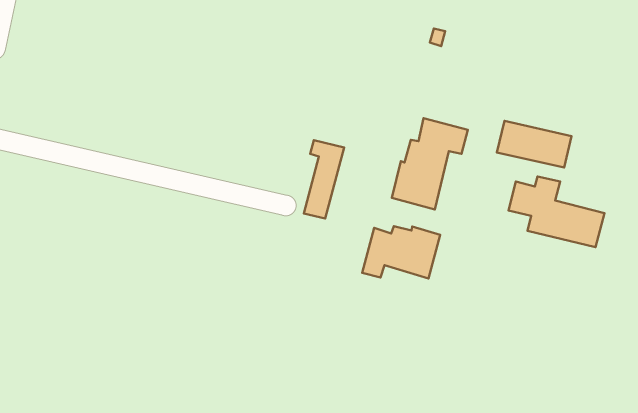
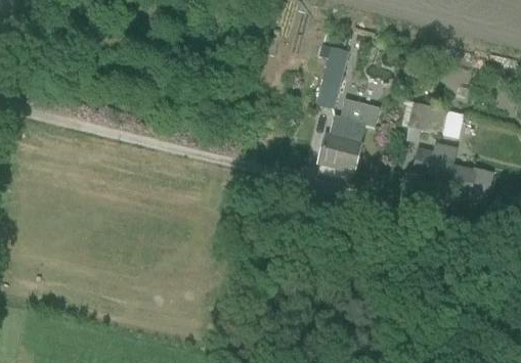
building: [304,140,344,218] -> [316,45,349,108]
building: [362,226,440,278] -> none

